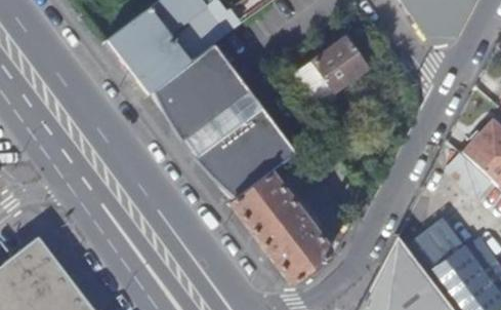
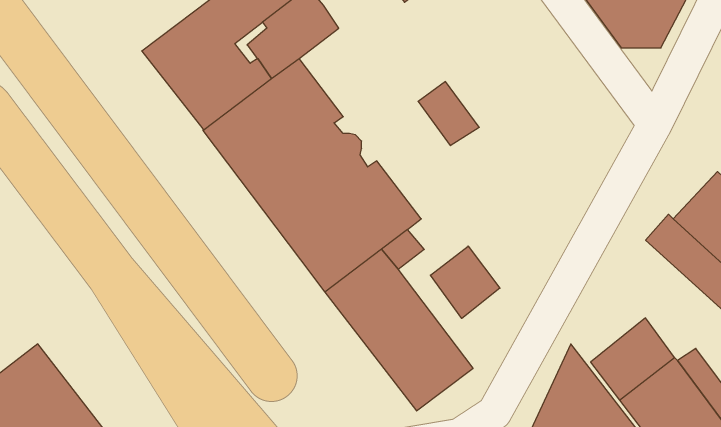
building: [311,37,367,90] -> none
building: none -> [430,246,500,318]

